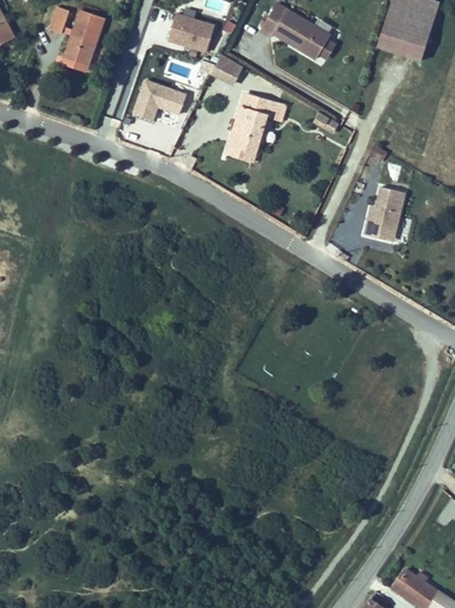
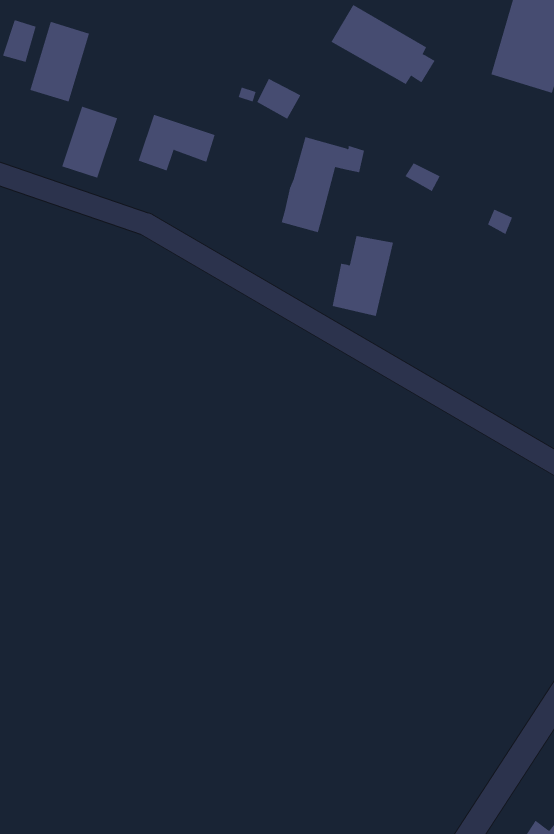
building: [171,13,215,50] -> none
building: none -> [62,106,118,179]
building: [364,186,406,242] -> [332,236,394,316]

